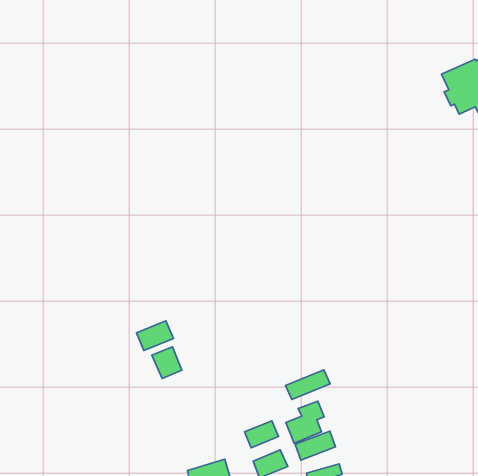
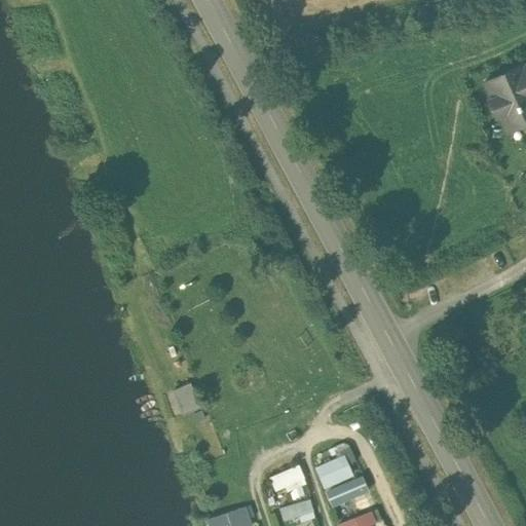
building: [136,321,173,350] -> none
building: [286,370,330,400] -> none

